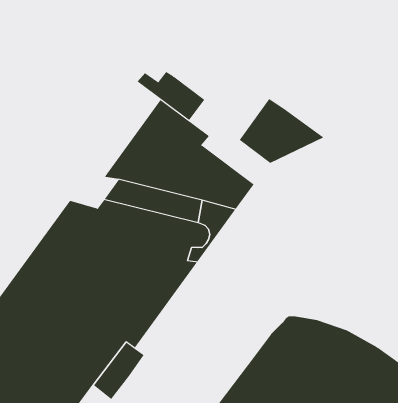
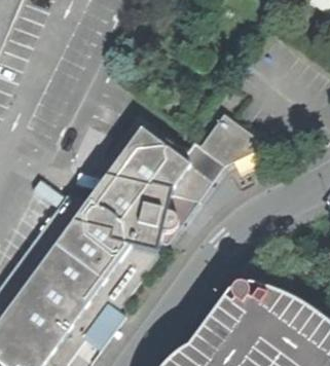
building: [137,71,205,121] -> [170,143,223,182]

